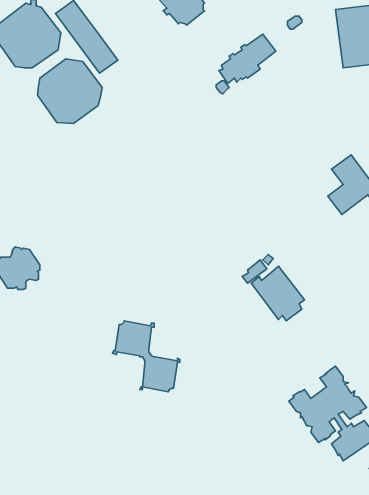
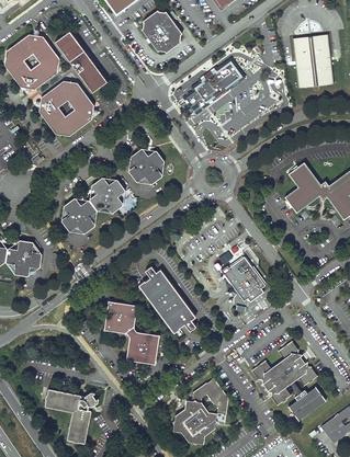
building: none -> [128,149,165,185]
building: none -> [61,178,125,235]
building: none -> [138,269,195,333]
building: none -> [173,378,228,444]
building: none -> [45,389,99,443]

